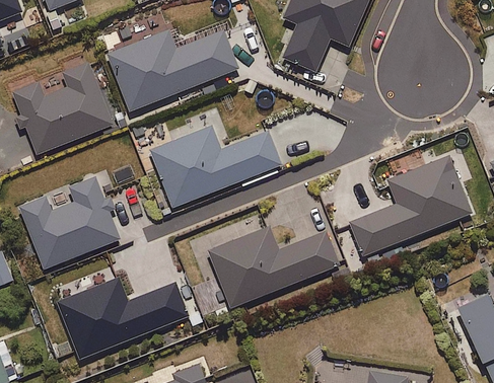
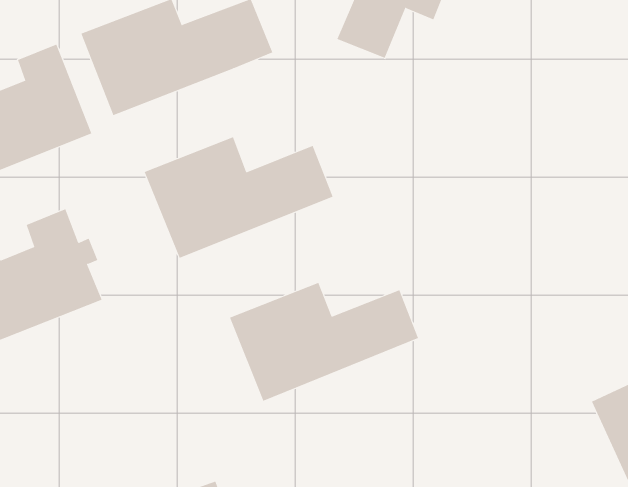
building: [350,155,474,256] -> none
building: [58,278,190,359] -> none

